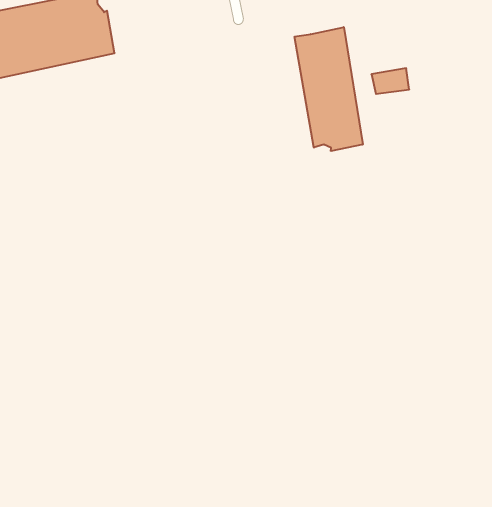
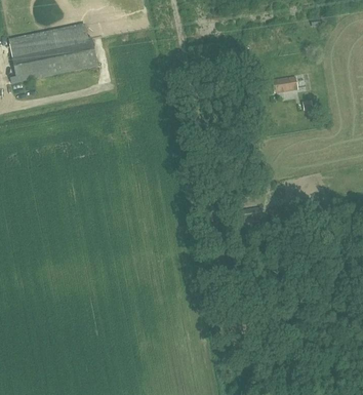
building: [295,27,363,151] -> none

